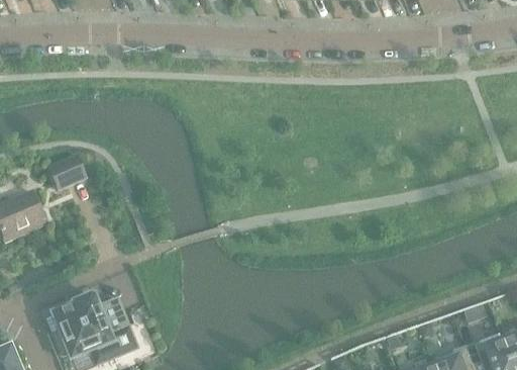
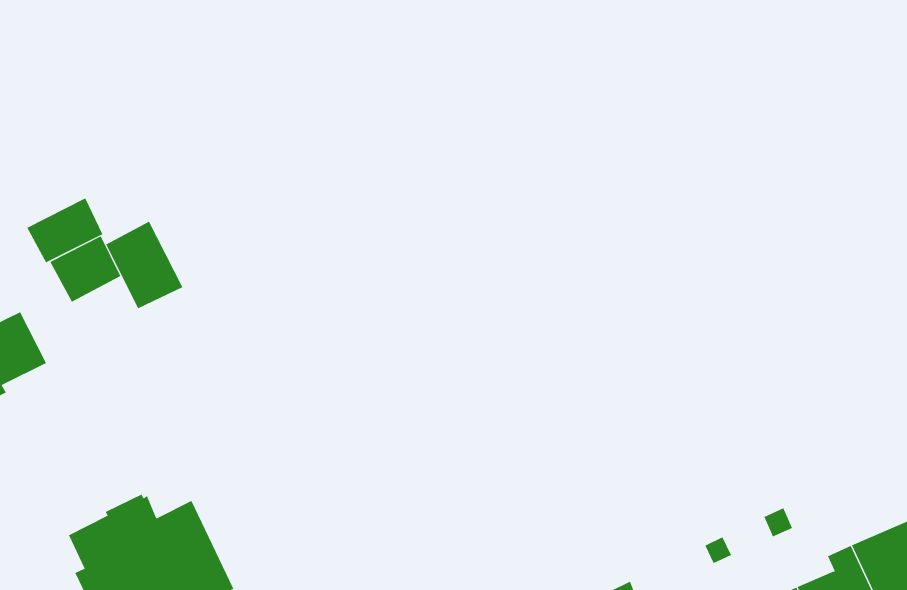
building: none -> [26,197,103,263]
building: none -> [105,221,183,309]

